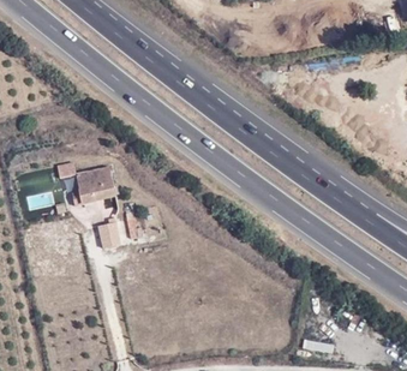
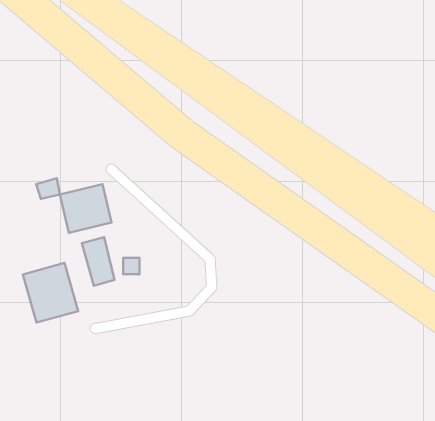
building: none -> [23,263,78,323]

